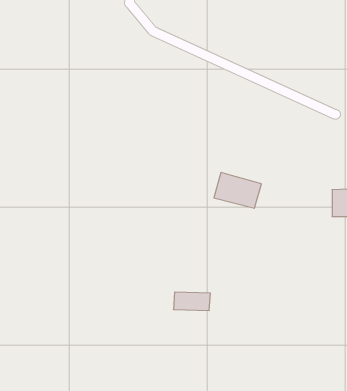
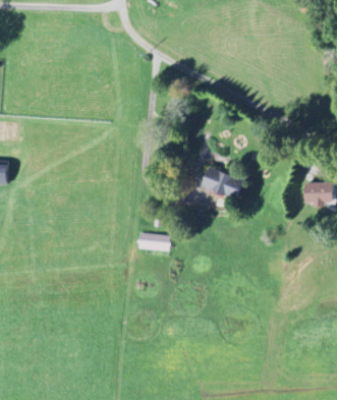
building: [173,292,210,311] -> [138,233,171,249]

